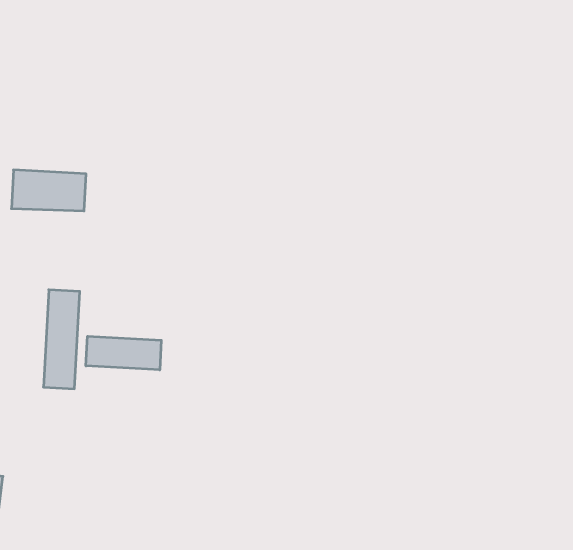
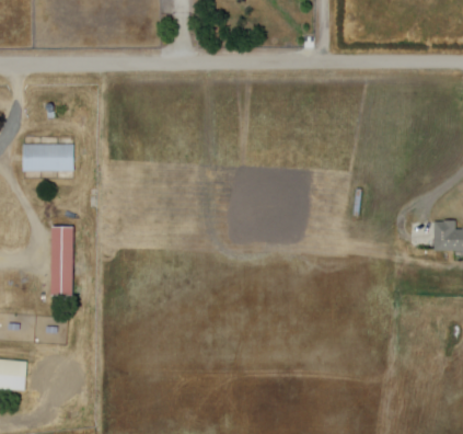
building: [86,336,161,370] -> none

